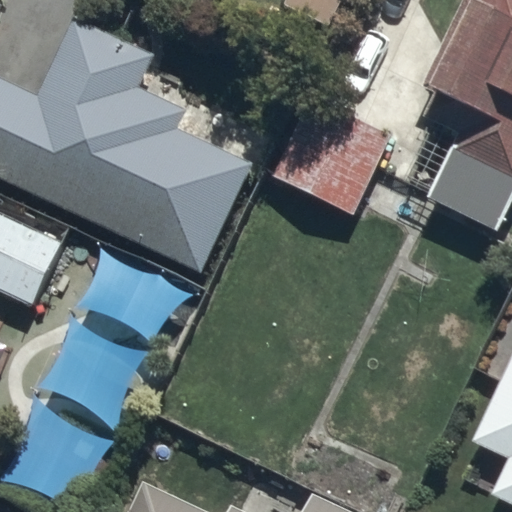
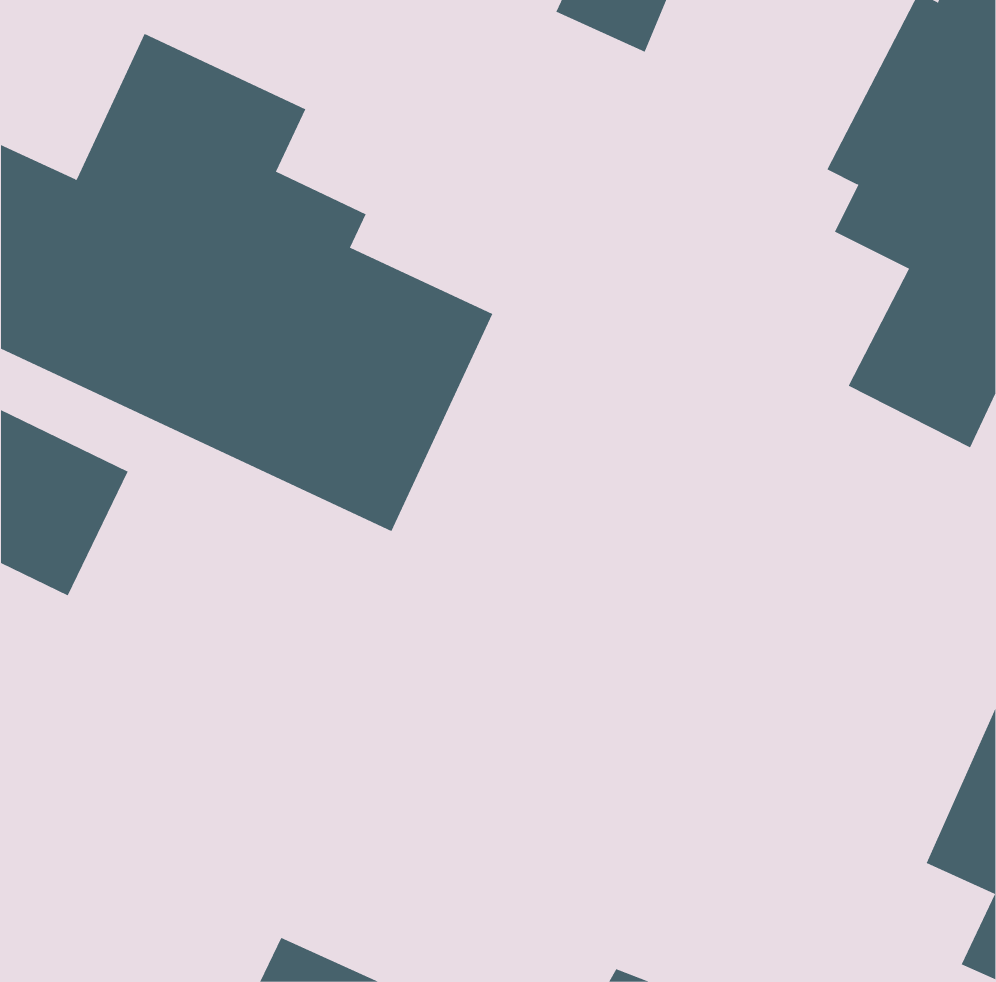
building: [274,97,395,217] -> none

